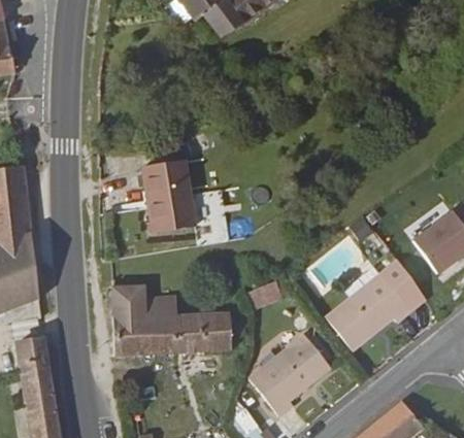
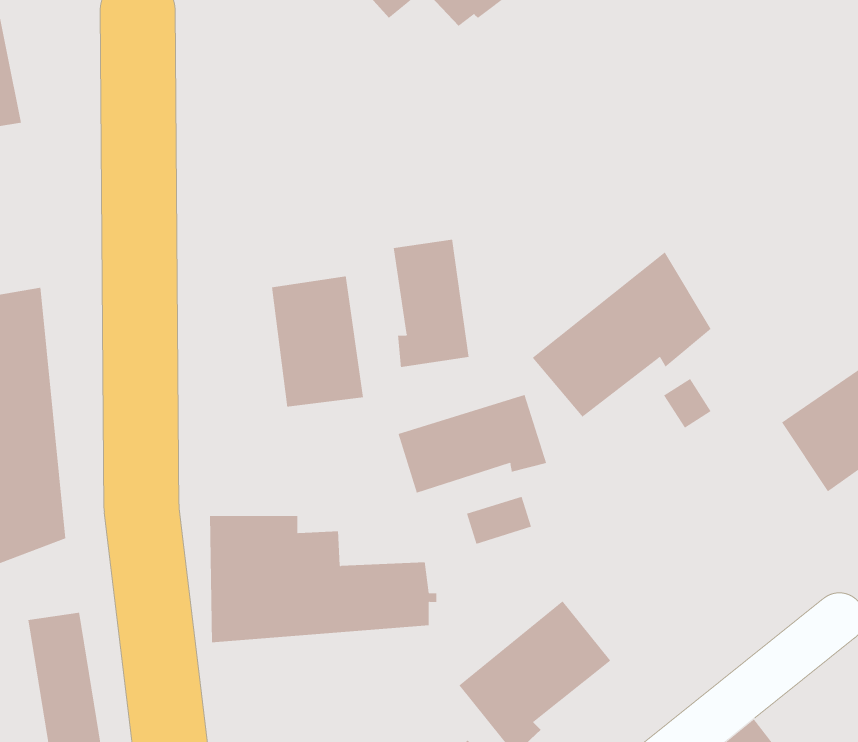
building: none -> [393,239,469,368]
building: none -> [398,394,547,493]
building: [324,258,420,346] -> [532,251,712,418]

